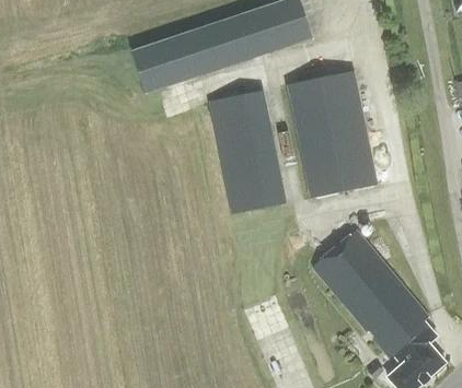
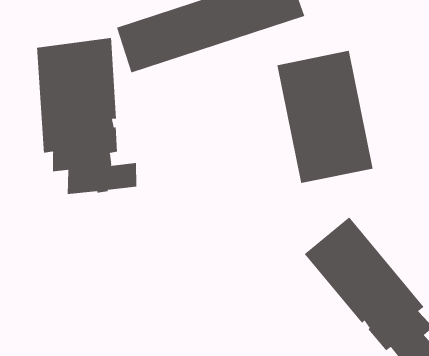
building: none -> [37,37,137,195]
building: [208,89,288,214] -> none

